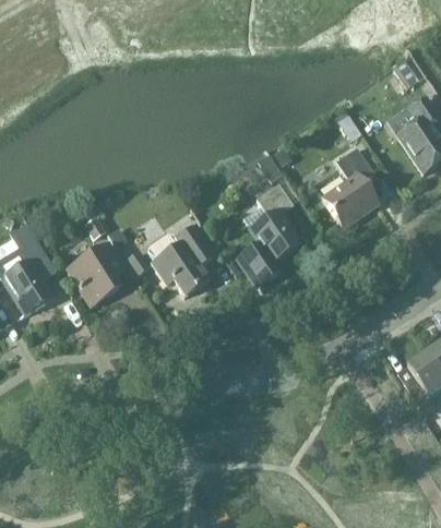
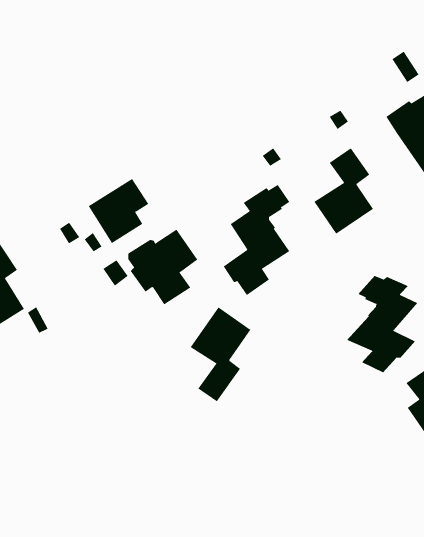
building: [68,244,124,305] -> [88,178,149,244]
building: none -> [346,275,418,373]
building: none -> [190,307,251,402]

